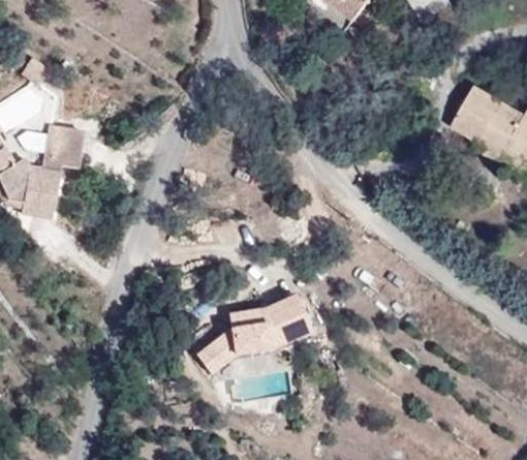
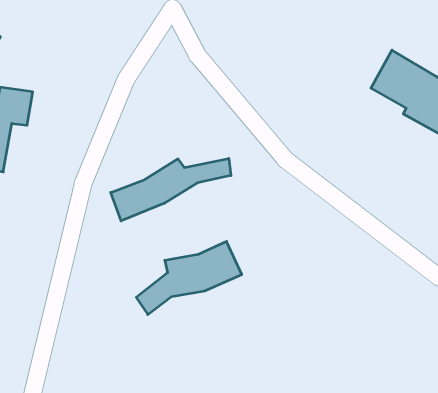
building: none -> [111,158,231,221]

